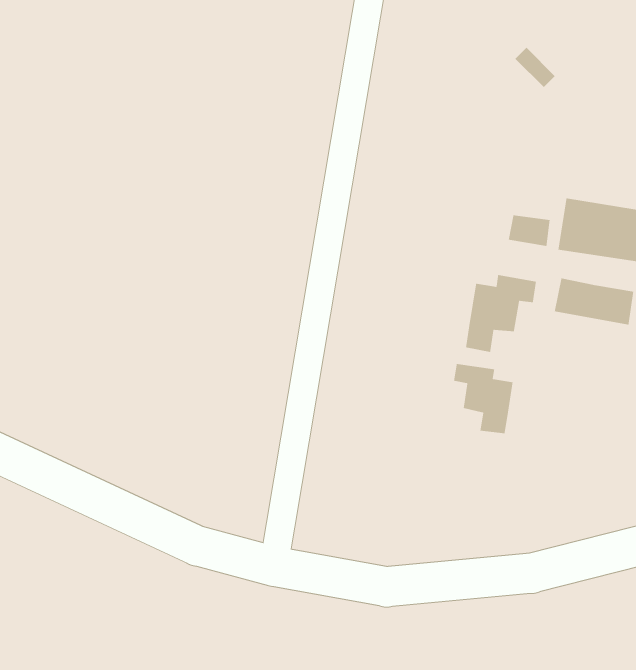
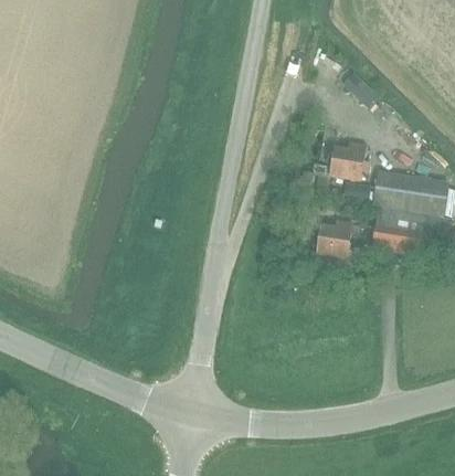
building: none -> [330,142,366,180]
building: [453,363,514,434] -> none

